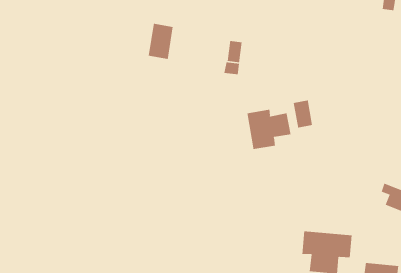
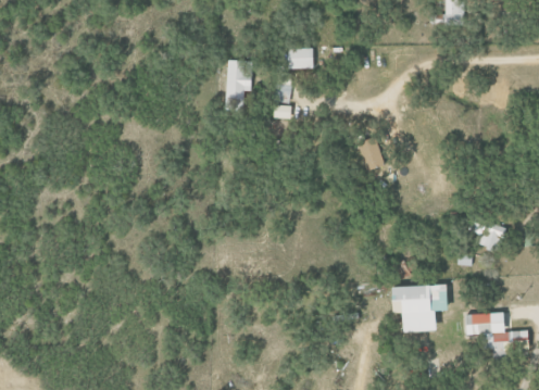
building: none -> [288,48,314,68]
building: [148,23,174,59] -> [228,60,253,99]
building: [247,109,291,150] -> none

